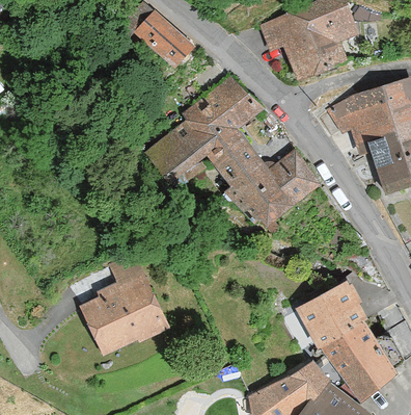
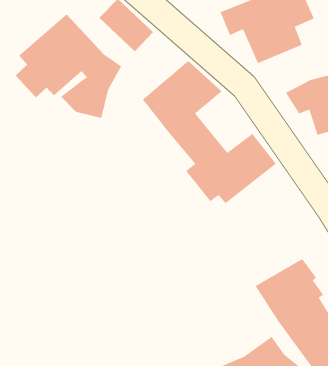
building: none -> [15,14,122,119]
building: [145,122,207,181] -> none
building: [80,254,170,355] -> none

